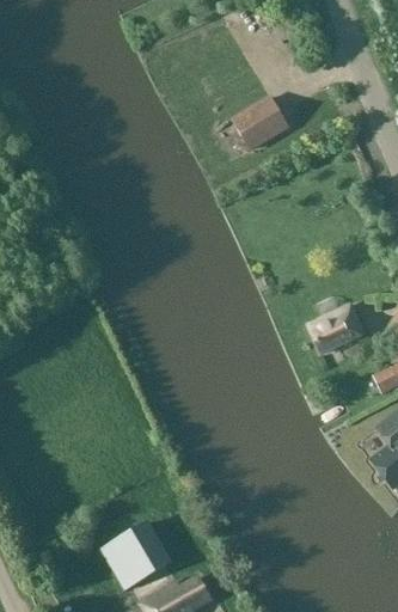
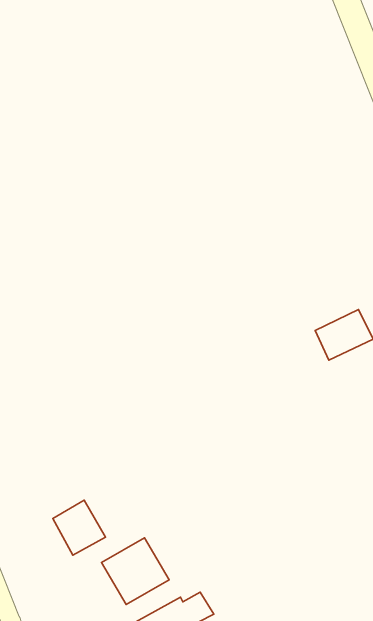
building: [232,97,287,149] -> none
building: none -> [53,500,105,555]

